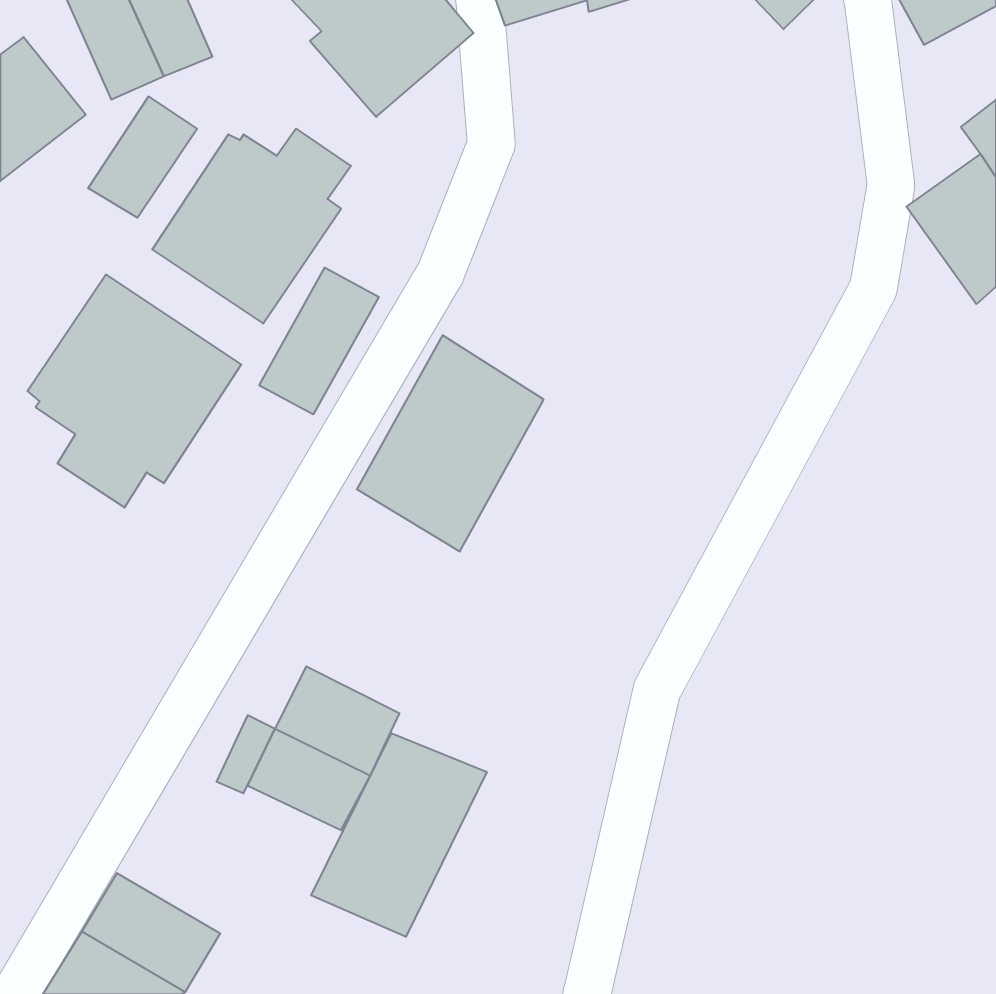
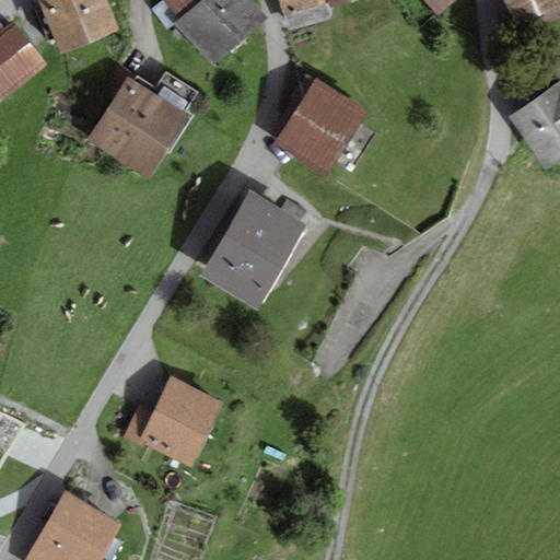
building: [88,96,197,218] -> none
building: none -> [276,78,366,175]
building: [259,268,379,414] -> none
building: [27,274,241,508] -> none
building: [311,733,487,937] -> none

